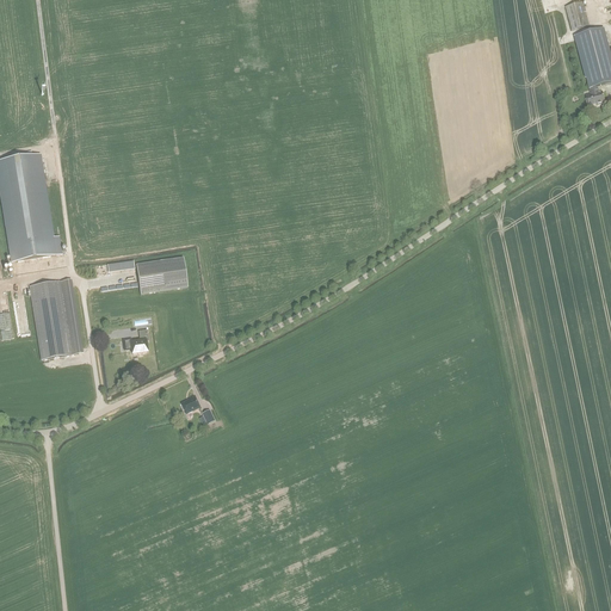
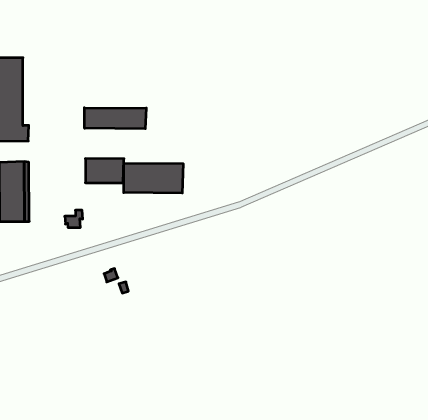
building: none -> [84,108,146,129]
building: none -> [124,163,183,193]

